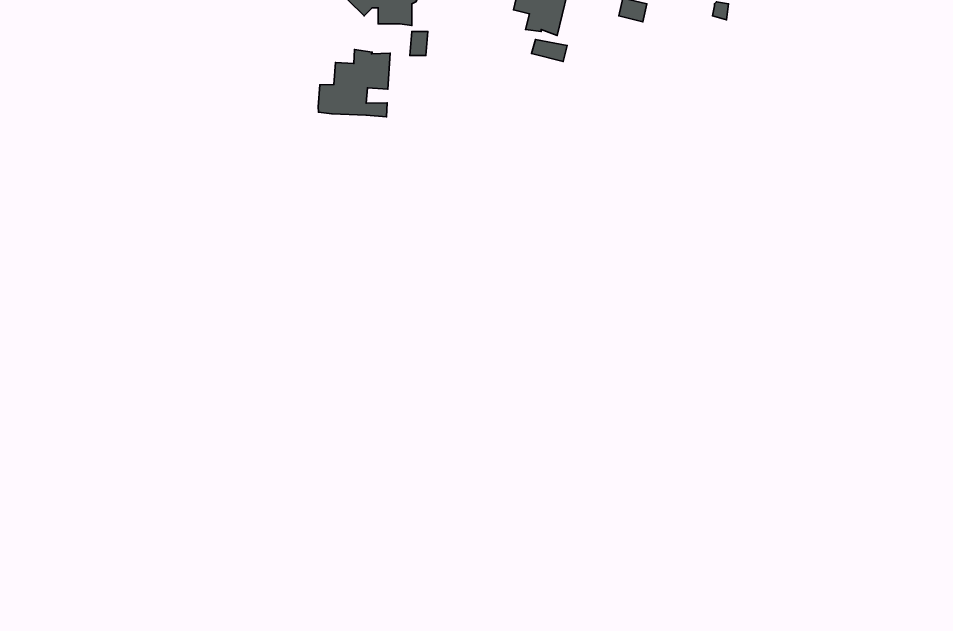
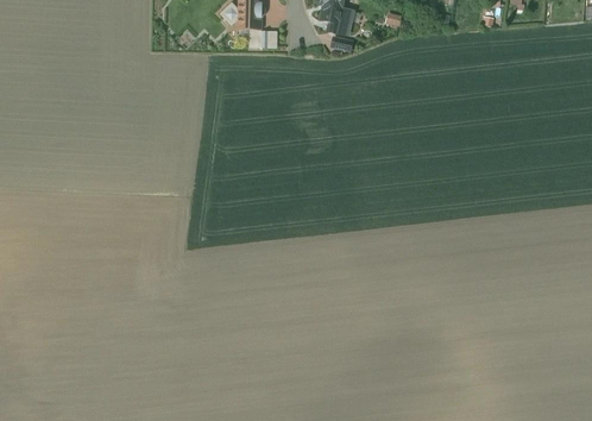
building: [318,50,390,117] -> none

